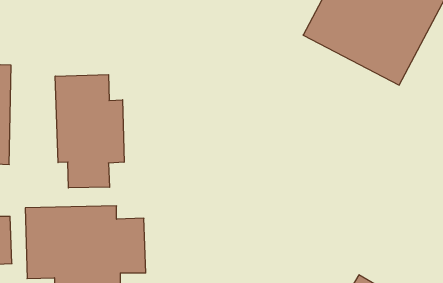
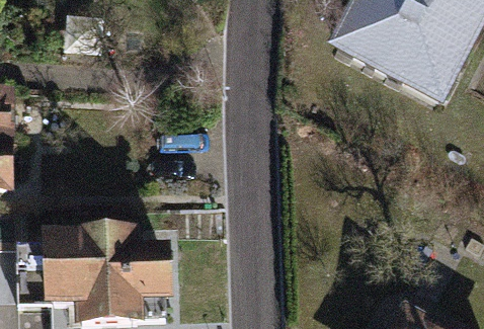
building: [55,75,124,188] -> none

